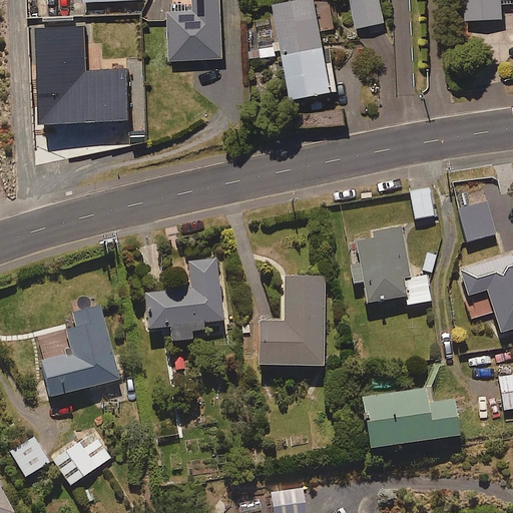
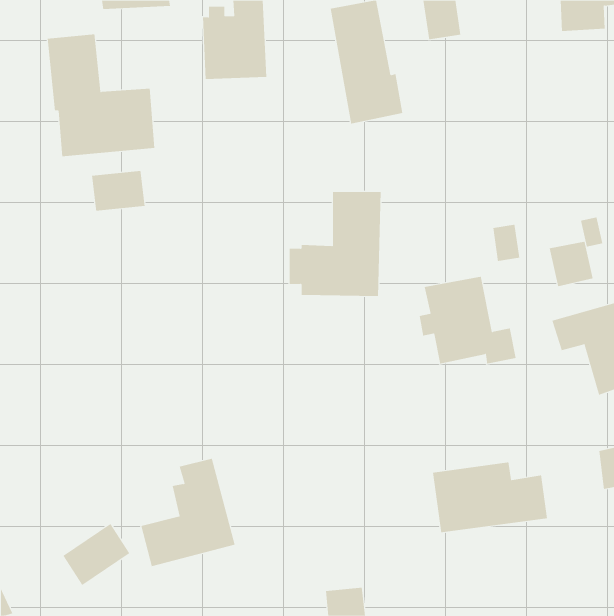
building: none -> [91,170,145,211]
building: [143,255,222,339] -> none
building: [246,274,324,361] -> [289,192,381,296]
building: [39,308,118,398] -> [140,458,236,567]
building: [9,435,48,474] -> none

